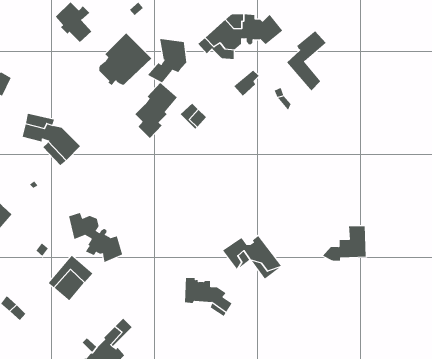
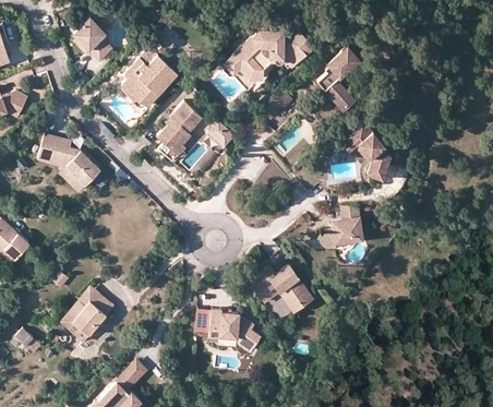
building: [147,38,187,83] -> none
building: none -> [342,125,390,179]
building: [68,212,123,263] -> none
building: [322,226,367,261] -> [312,206,359,243]

